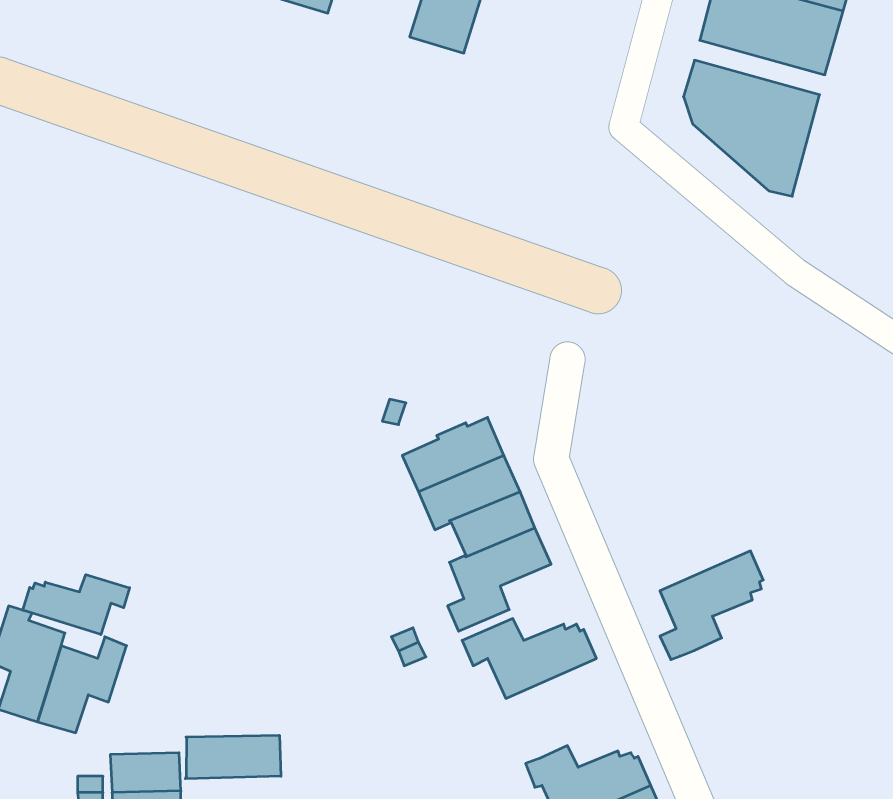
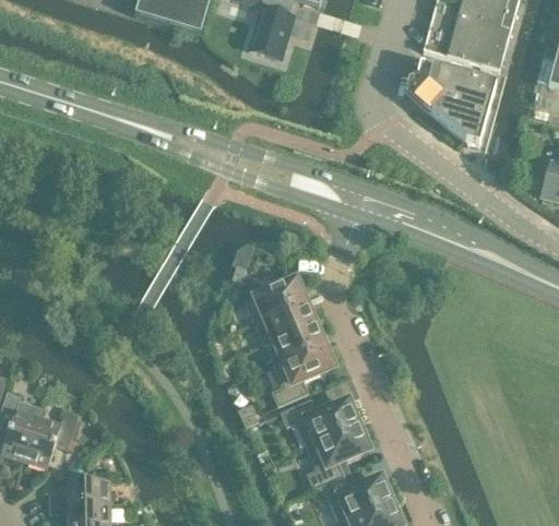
building: [660,551,763,660] -> [307,422,369,488]
building: [23,575,130,635] -> none
building: [185,735,281,779] -> none

